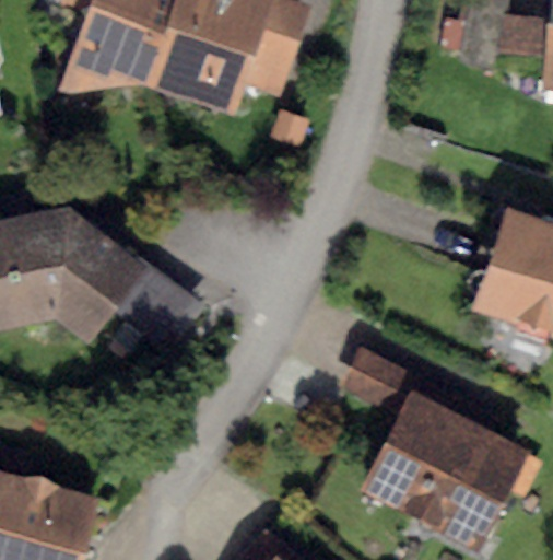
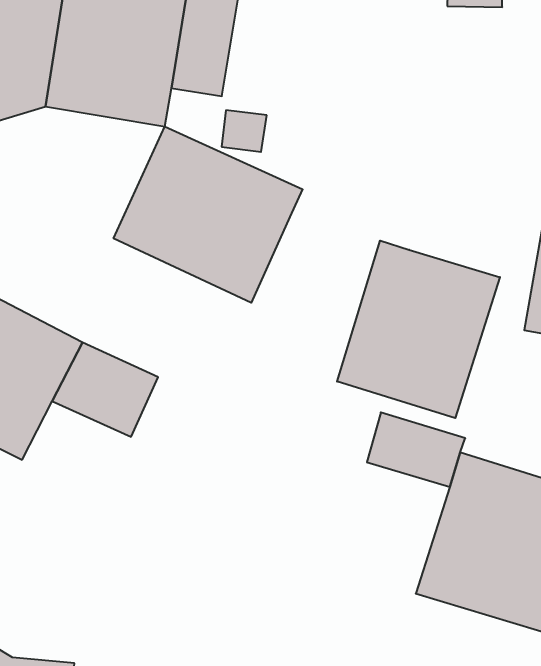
building: none -> [114,127,303,303]
building: none -> [337,241,500,418]

